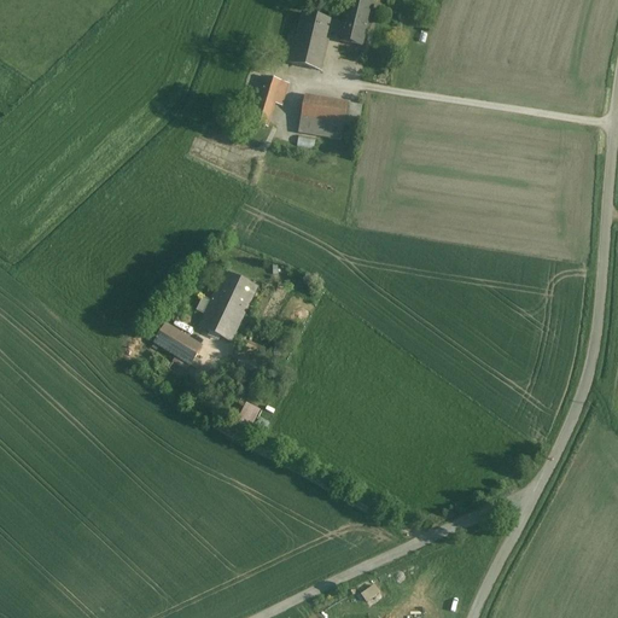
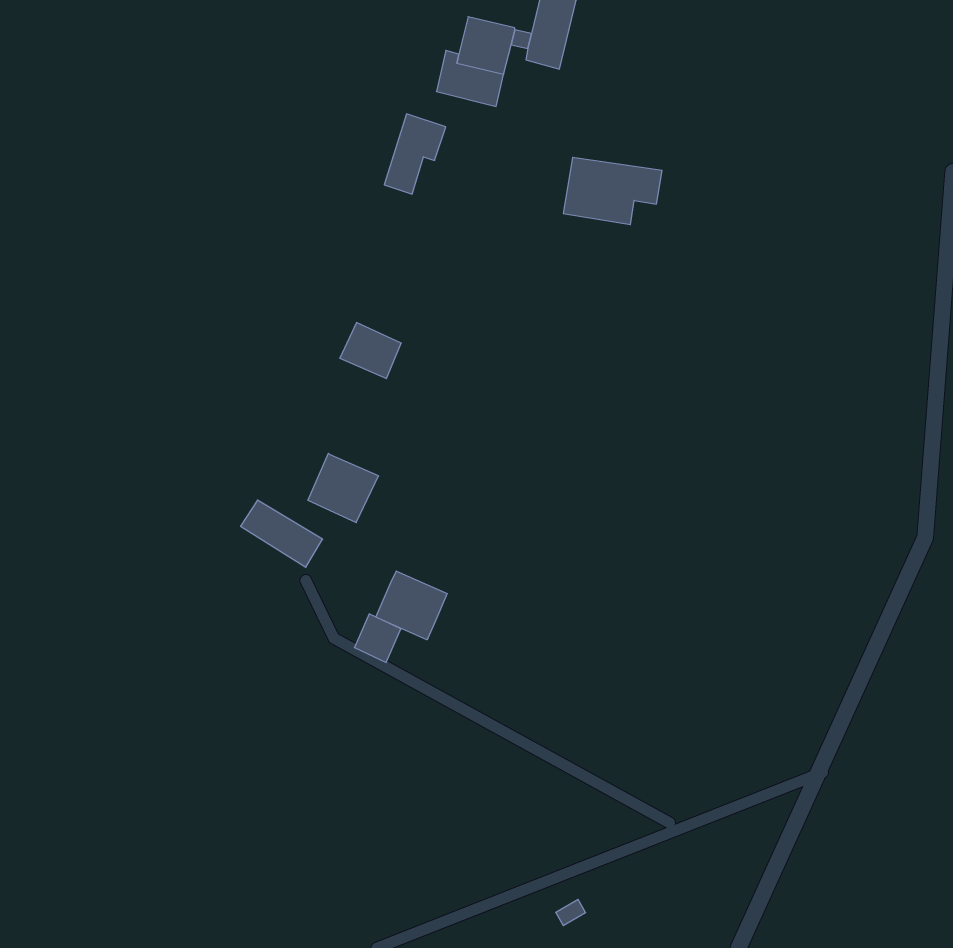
building: [298,94,362,138] -> [563,157,662,225]
building: [215,272,255,308] -> [340,323,401,379]
building: none -> [376,571,447,640]

